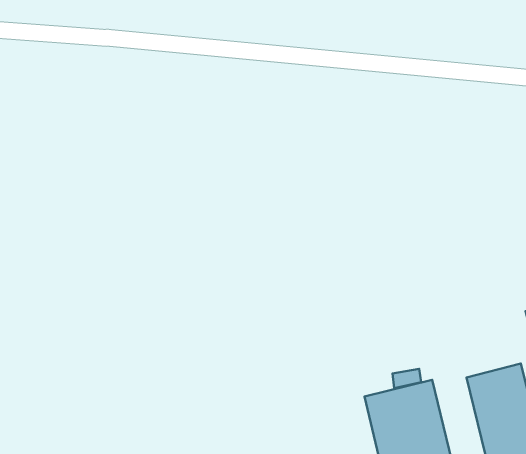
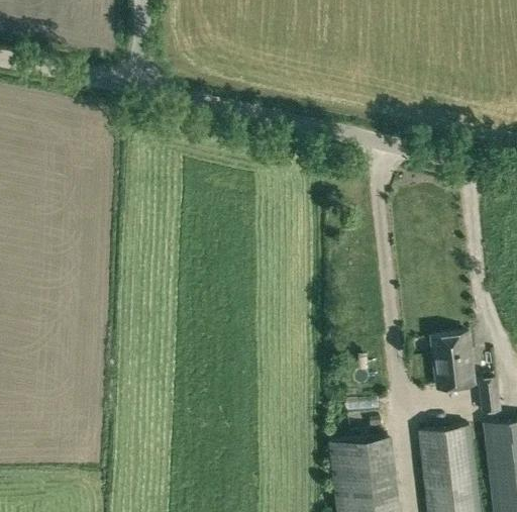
building: none -> [432,336,474,391]

